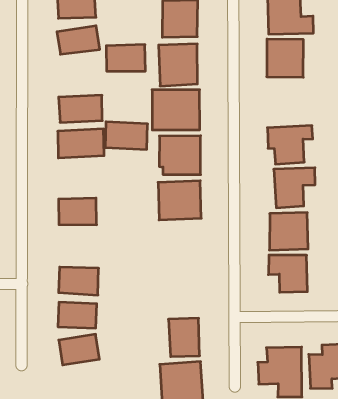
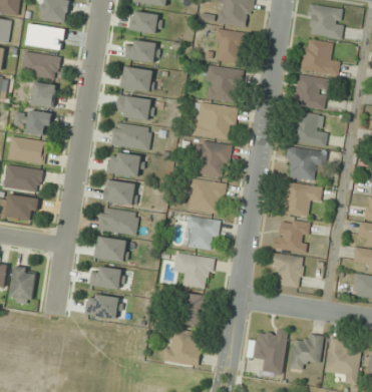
building: [106,45,145,71] -> [119,66,154,92]
building: none -> [292,112,326,145]
building: [105,122,148,149] -> [106,150,144,178]
building: none -> [181,215,221,252]
building: none -> [97,208,138,236]
building: none -> [172,253,215,289]

